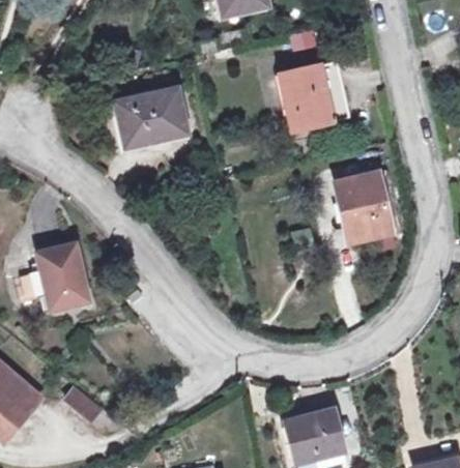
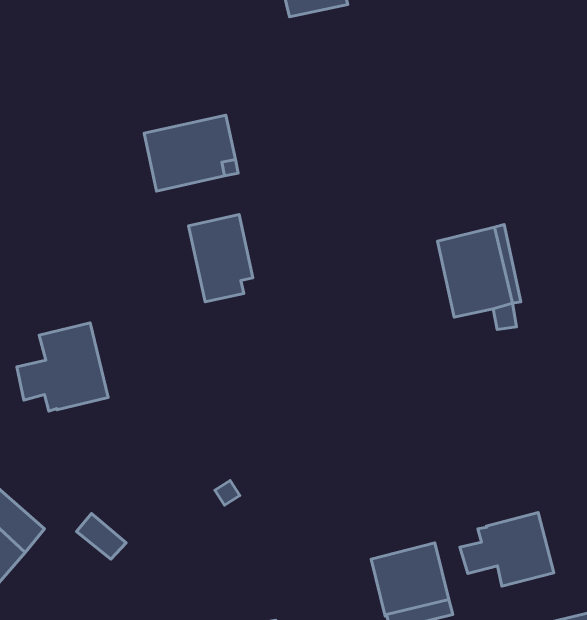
building: [281,62,350,130] -> none
building: none -> [188,215,253,302]
building: none -> [460,513,554,586]

